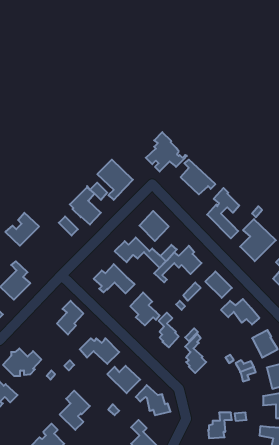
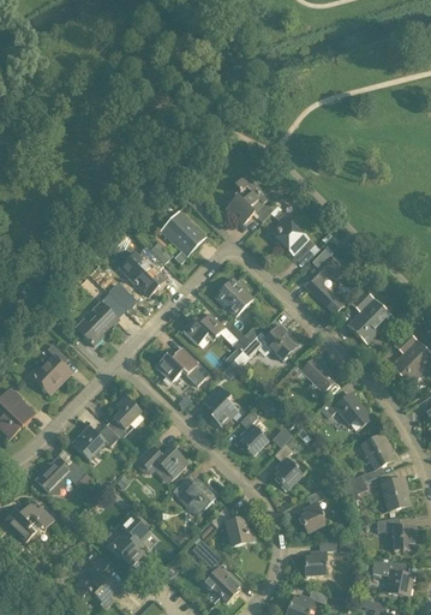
building: [5,213,39,246] -> [74,301,119,345]
building: none -> [70,425,118,461]
building: none -> [300,489,324,532]

